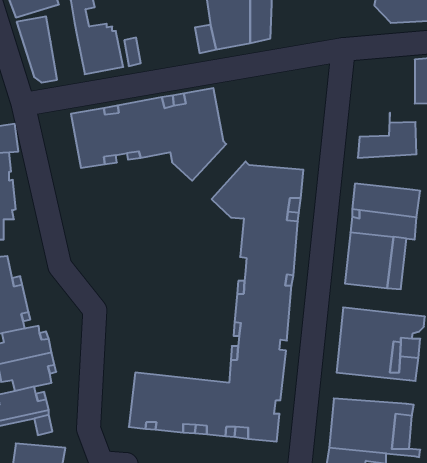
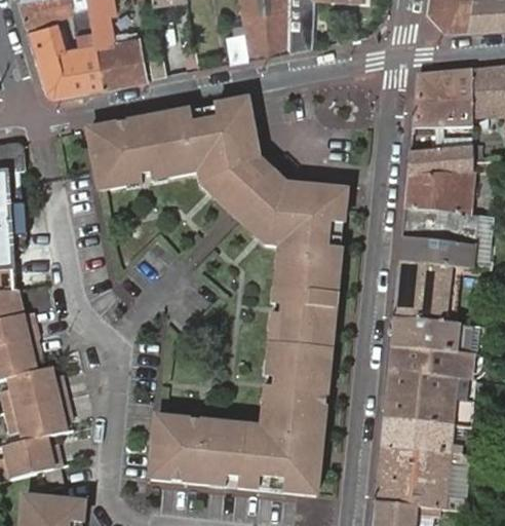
building: none -> [64,26,102,89]
building: none -> [412,67,471,138]
building: none -> [222,161,281,223]
building: none -> [403,173,472,213]
building: none -> [390,317,456,351]
building: none -> [380,417,464,452]

